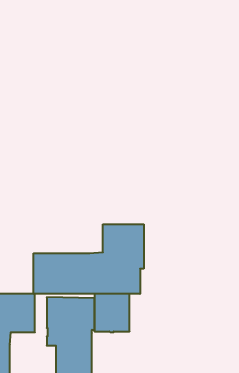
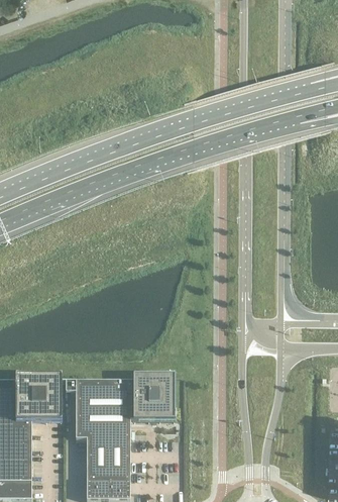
building: [34,224,144,294] -> none

